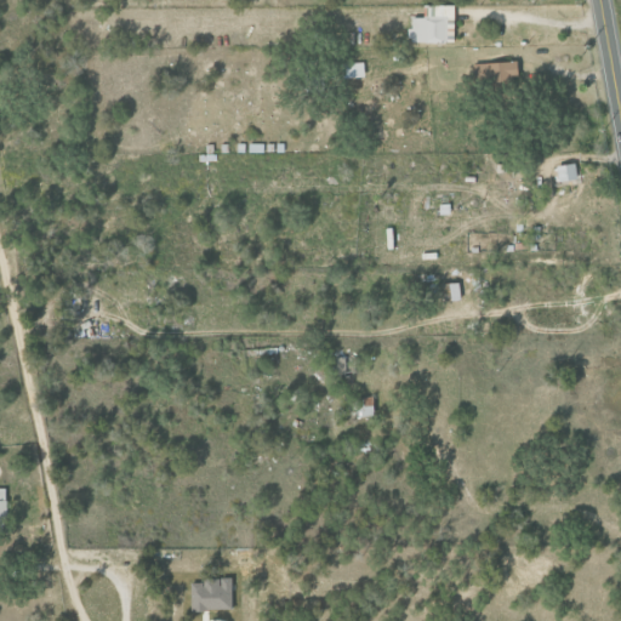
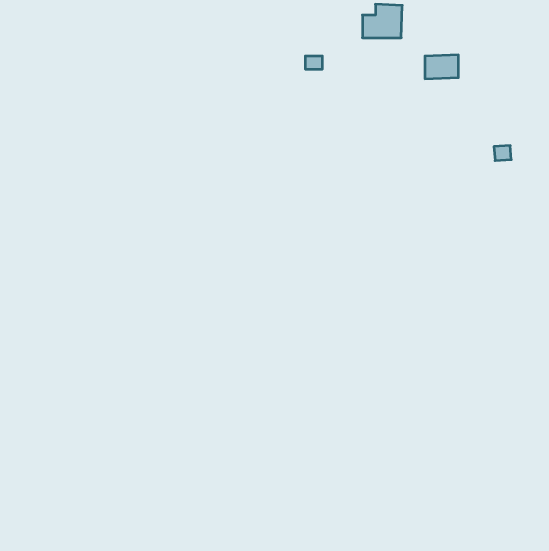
building: [192,579,233,610] -> none

